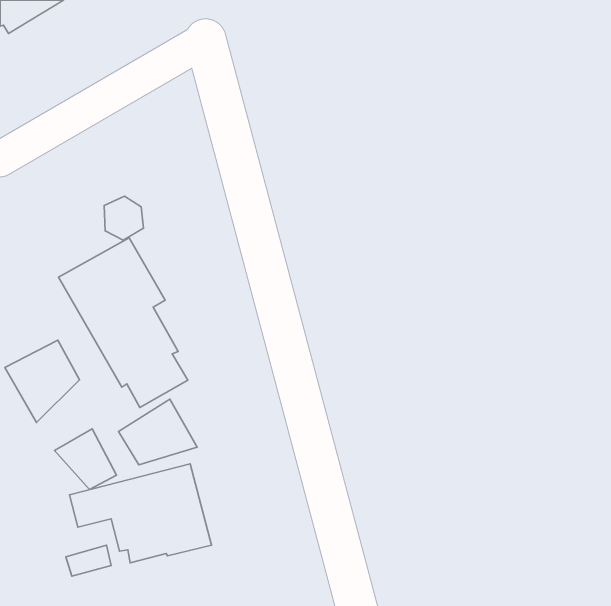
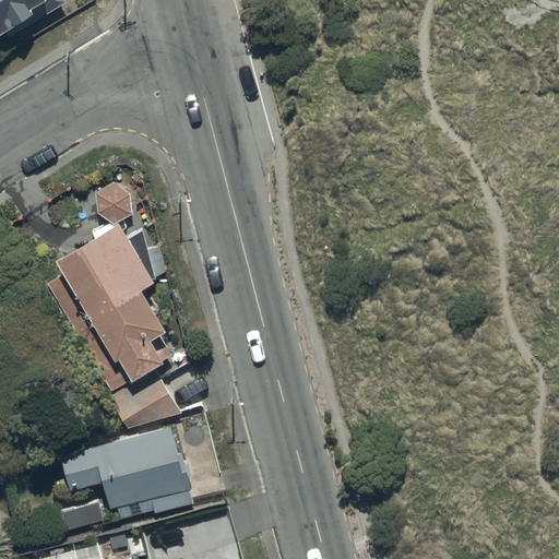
building: [5,340,79,422] -> none
building: [55,429,116,490] -> none

